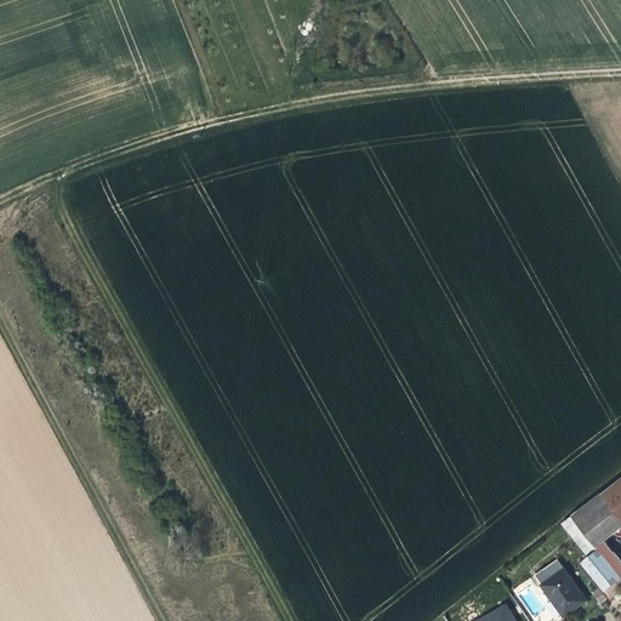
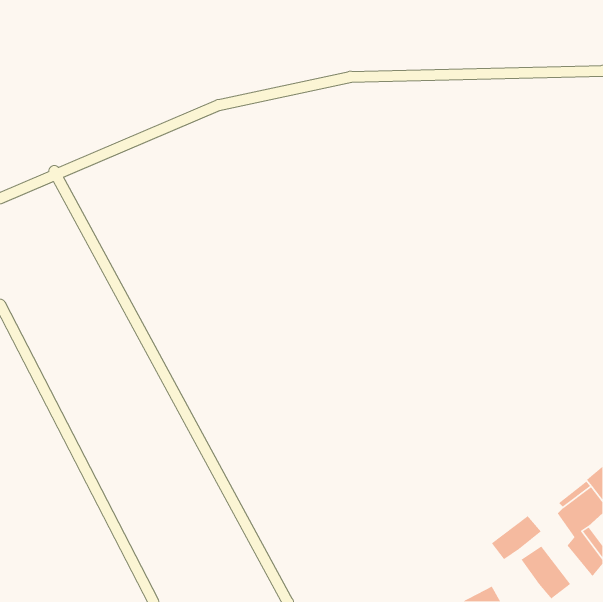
building: none -> [491,515,542,560]

